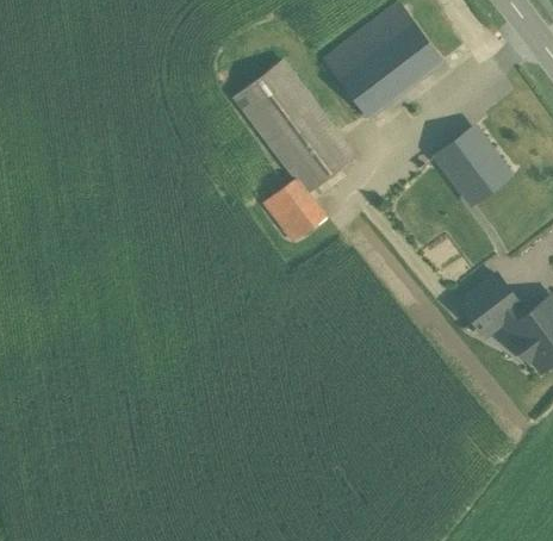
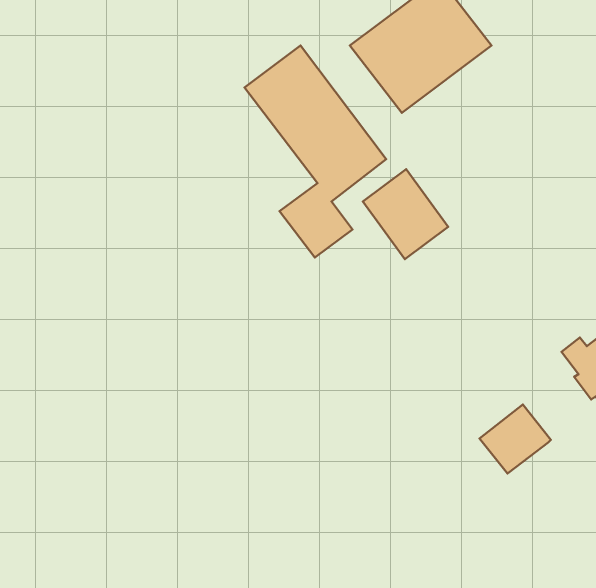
building: [436,128,509,204] -> [363,169,448,259]
building: [460,276,521,335] -> [479,405,551,473]

